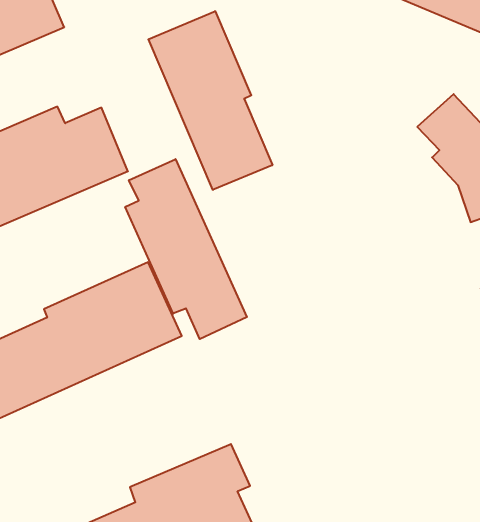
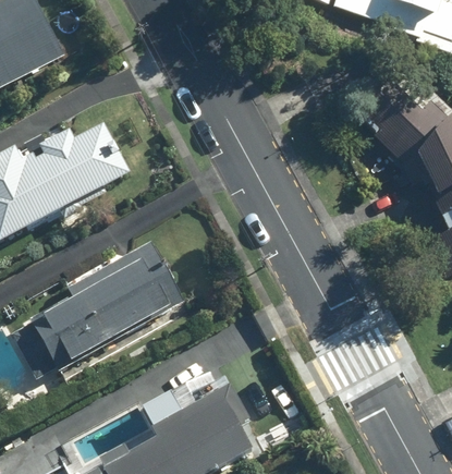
building: [148,11,272,190] -> none
building: [125,159,247,339] -> none

